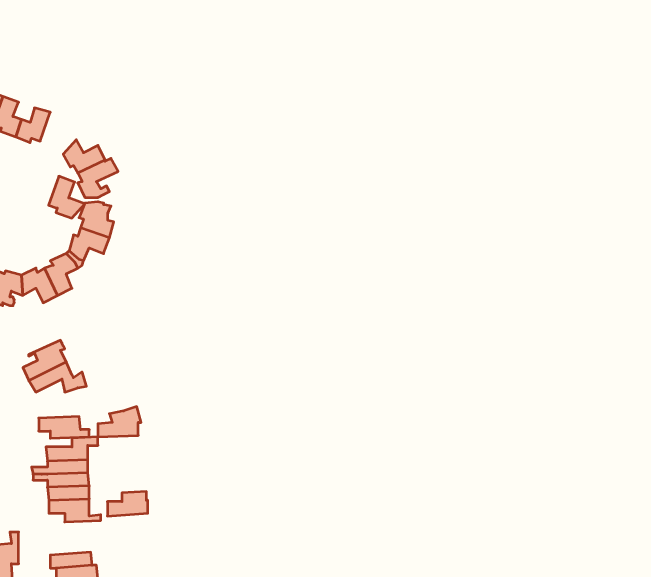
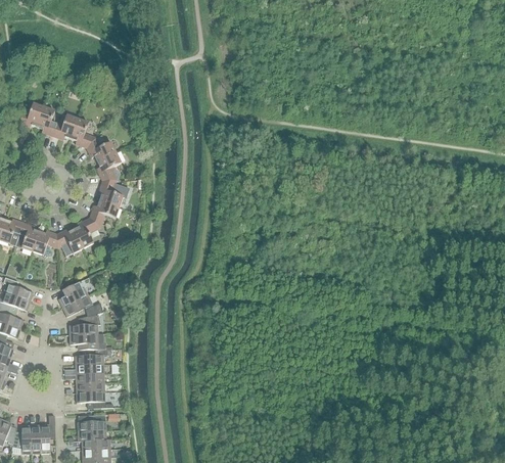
building: [49,176,85,218] -> [70,118,95,147]
building: [98,407,141,437] -> [68,313,99,334]
building: [107,492,148,516] -> [77,414,105,431]

